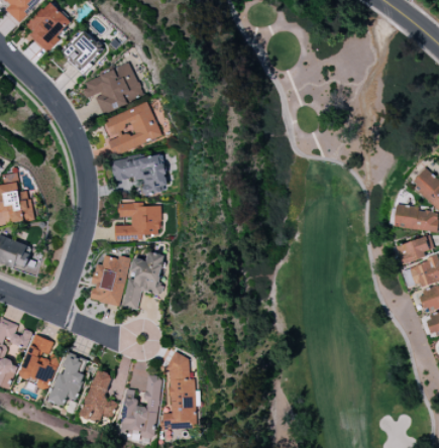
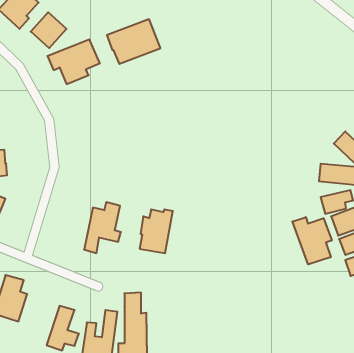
building: [100,102,161,153] -> [107,19,160,64]
building: [110,151,169,194] -> none
building: [114,200,160,239] -> none
building: [91,254,129,305] -> [140,209,173,253]
building: none -> [292,217,332,264]
building: [47,354,89,406] -> none

